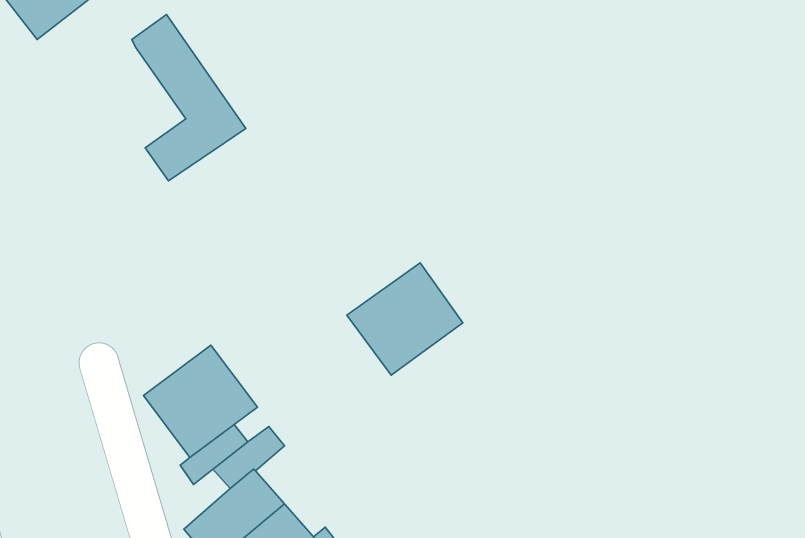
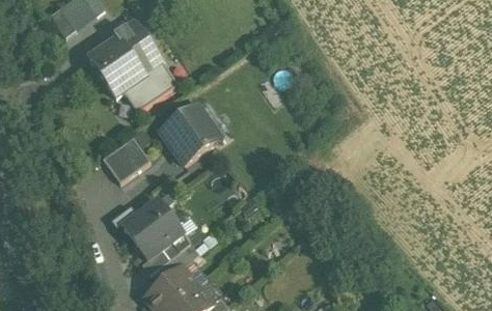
building: none -> [90,39,145,97]
building: none -> [104,138,149,182]
building: [347,263,463,375] -> [160,105,222,165]

